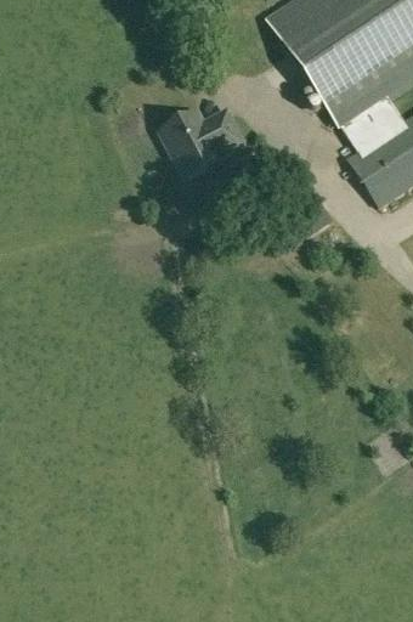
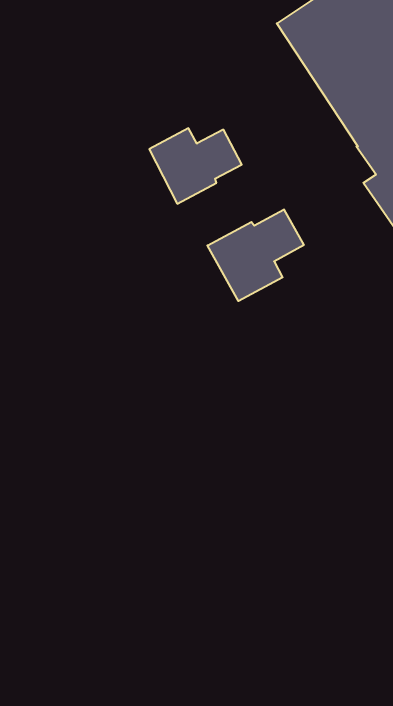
building: none -> [207,209,304,301]

